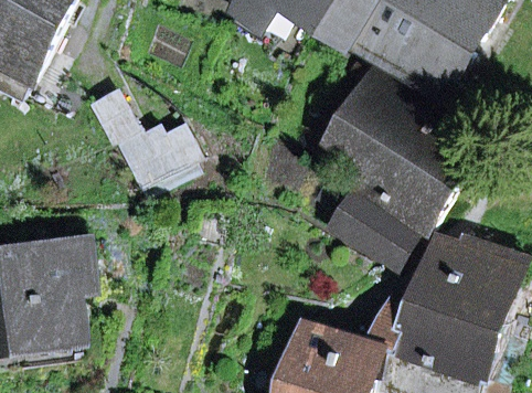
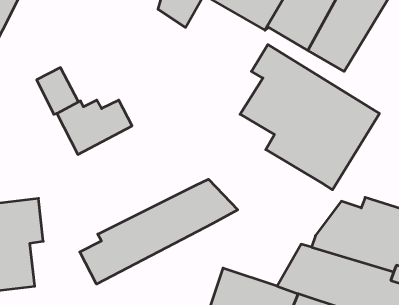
building: [324,184,416,266] -> none
building: none -> [80,179,238,284]

